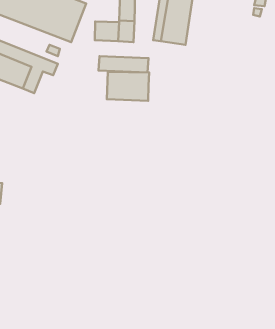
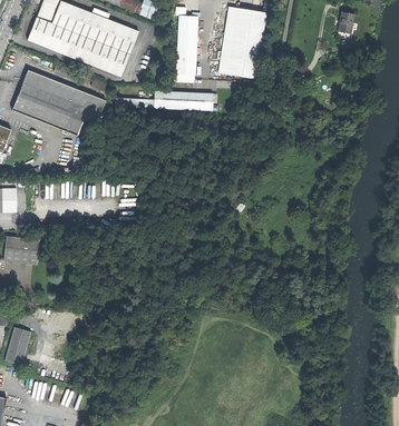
building: [95,21,119,41] -> none
building: [107,72,149,101] -> none

